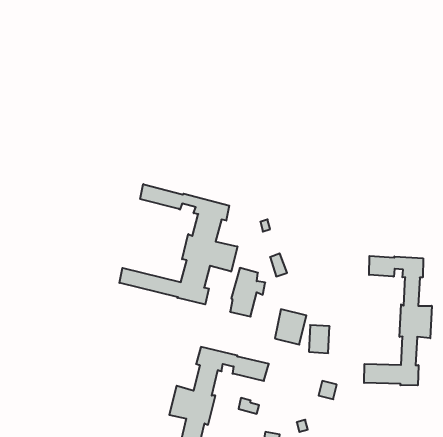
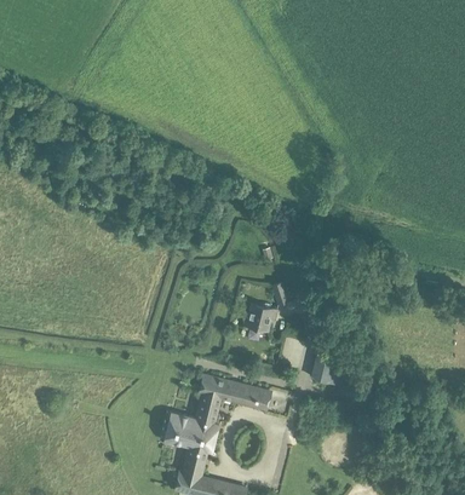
building: [119,184,237,304] -> none
building: [364,256,432,385] -> none

